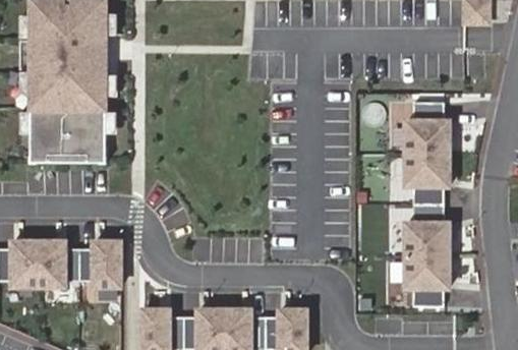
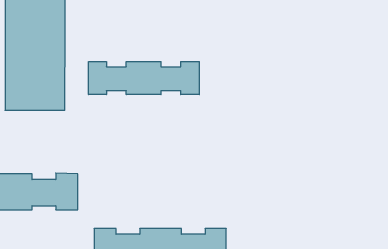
building: none -> [89,62,199,95]
building: [406,102,449,306] -> none

